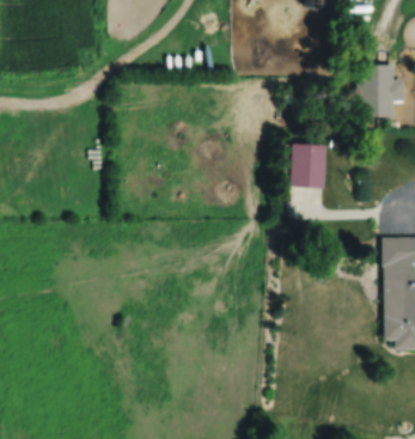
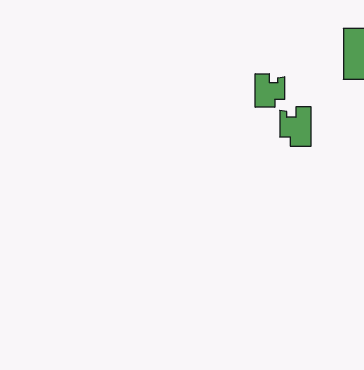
building: none -> [255,74,285,107]

